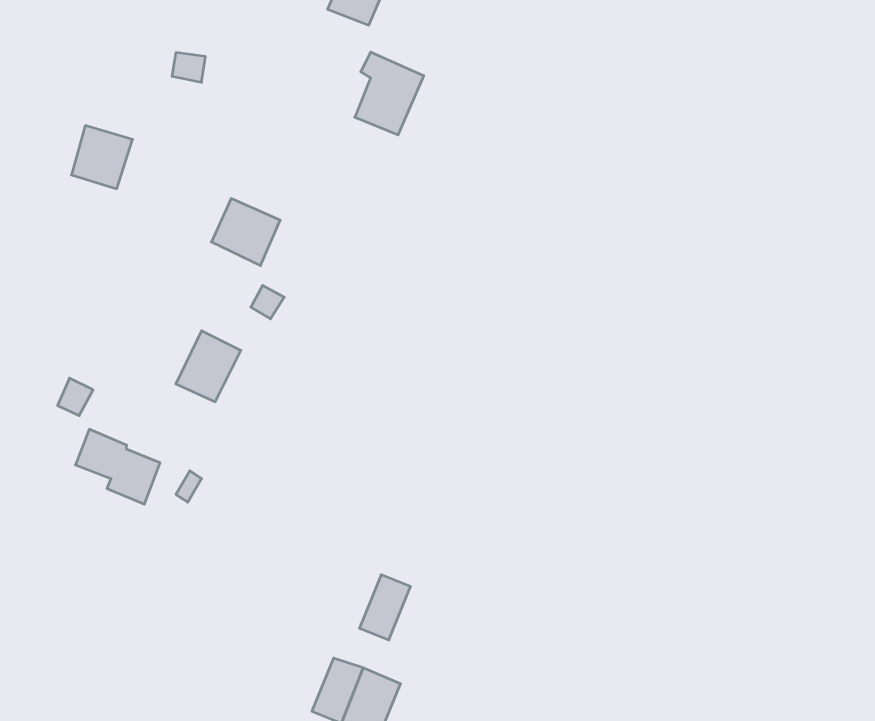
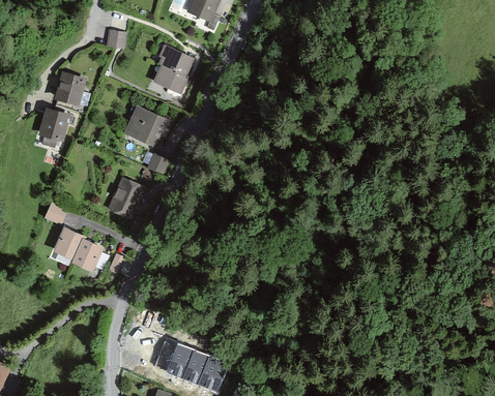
building: [355,52,424,135] -> [156,49,193,92]
building: none -> [36,108,68,141]
building: [359,575,411,640] -> [165,344,192,378]

